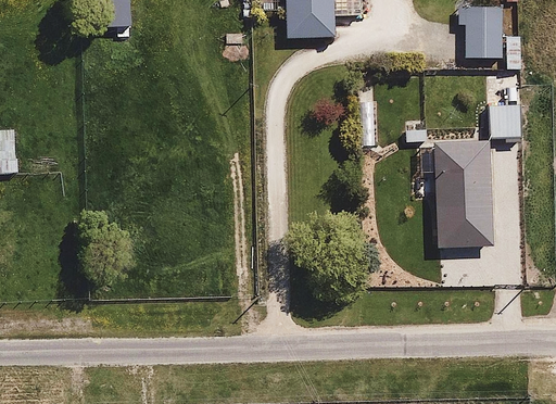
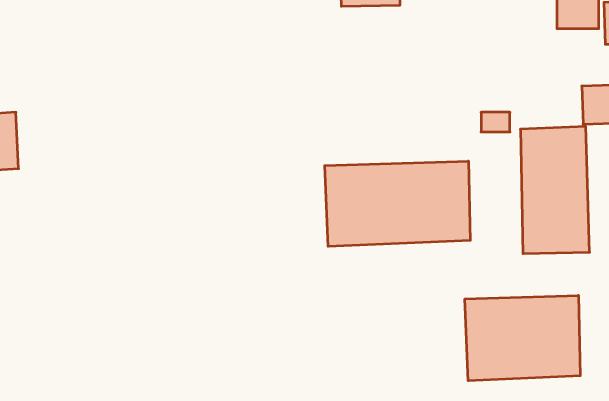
building: none -> [325,161,470,246]
building: none -> [465,295,580,381]

